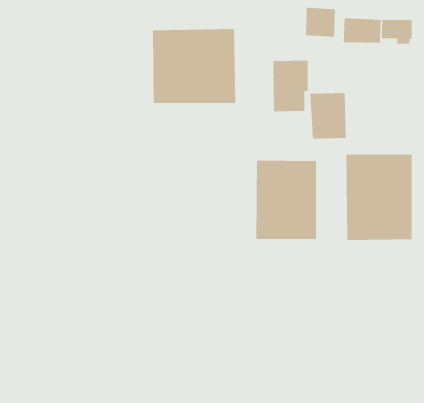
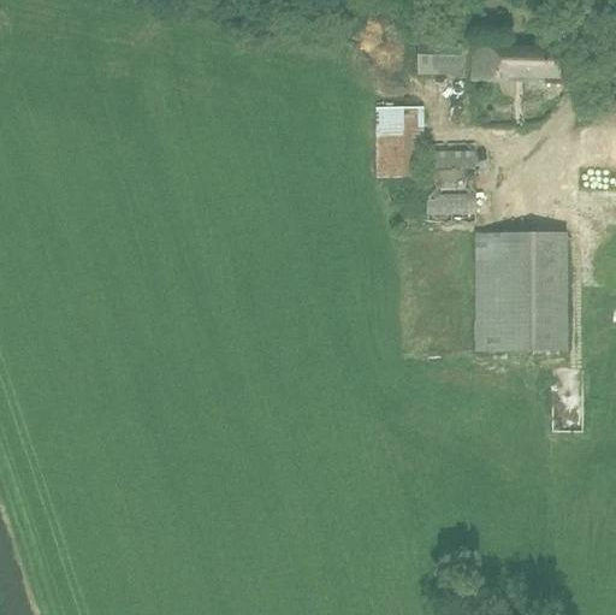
building: [153,28,236,104] -> none
building: [256,160,317,240] -> none

